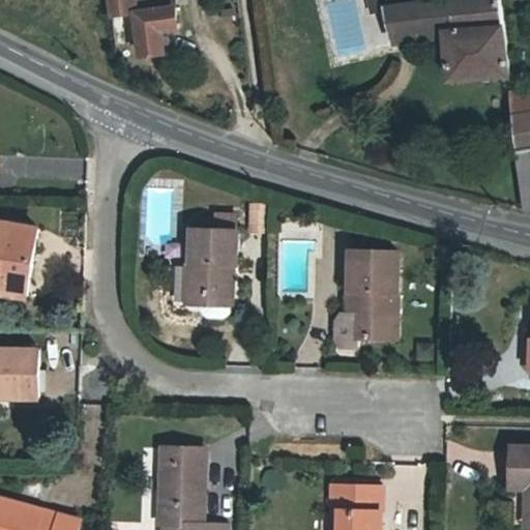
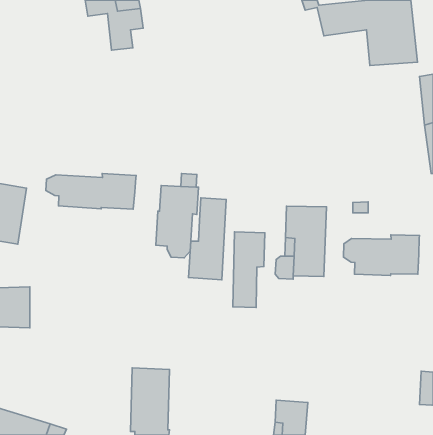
building: none -> [46,174,136,209]
building: none -> [188,198,226,280]
building: none -> [233,232,265,307]
building: none -> [344,235,420,275]

